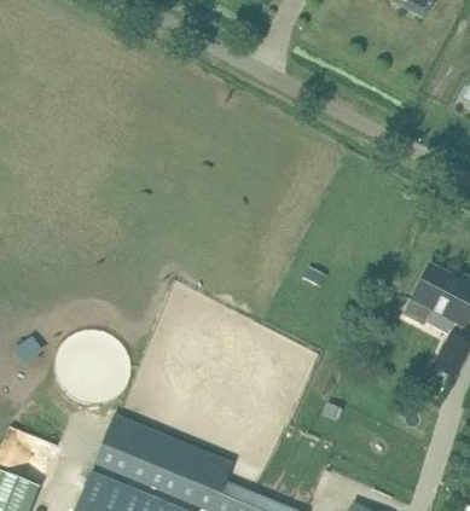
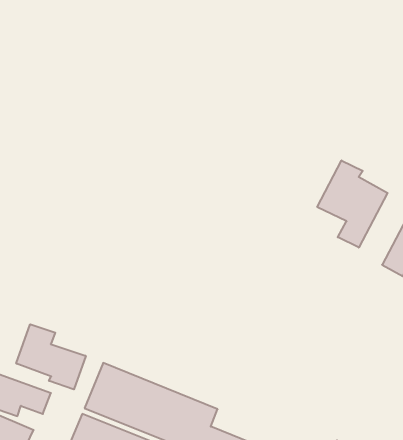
building: none -> [317,160,388,248]
building: none -> [16,324,86,389]

